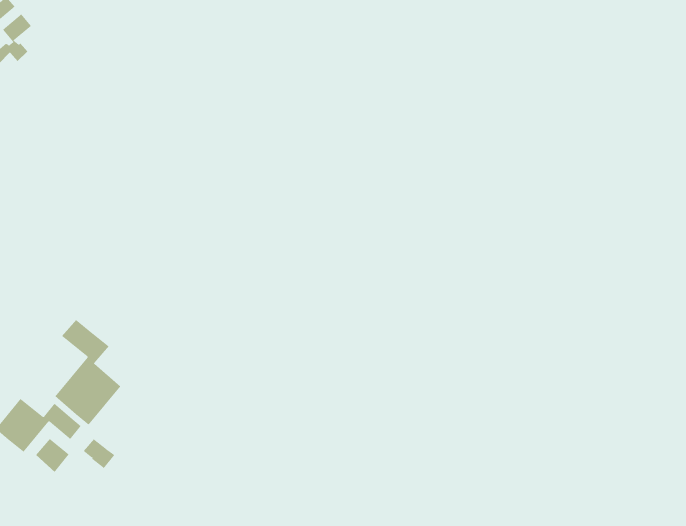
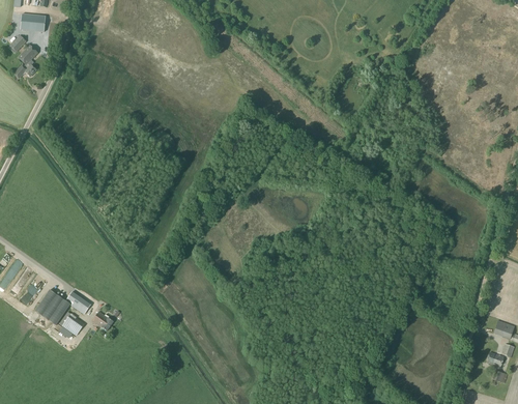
building: [54,319,121,425] -> none

